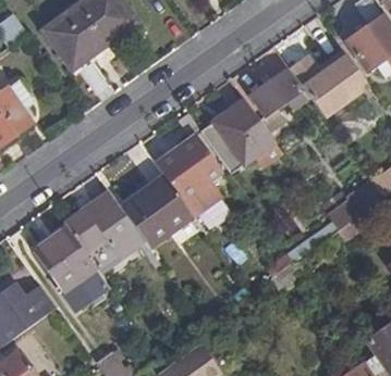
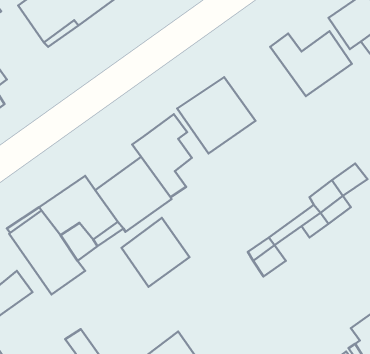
building: [251,70,300,112] -> none
building: none -> [122,218,190,287]

